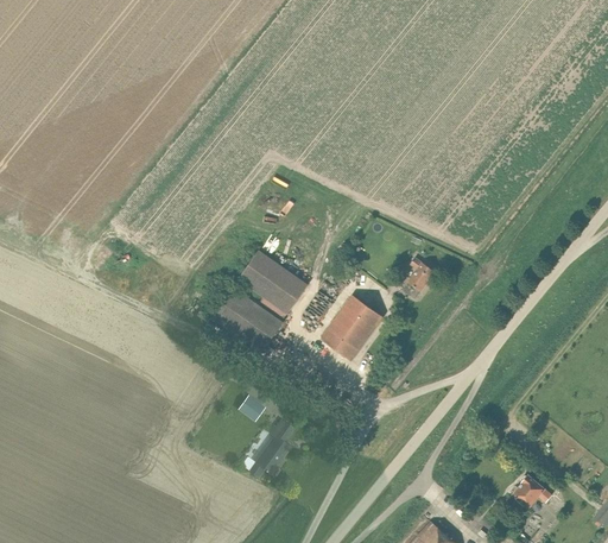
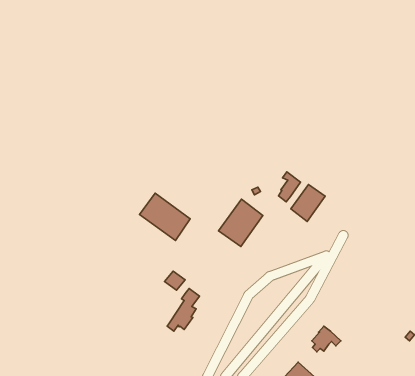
building: [236,250,306,314] -> none
building: none -> [291,185,325,221]
building: [511,474,551,510] -> [312,326,341,352]

